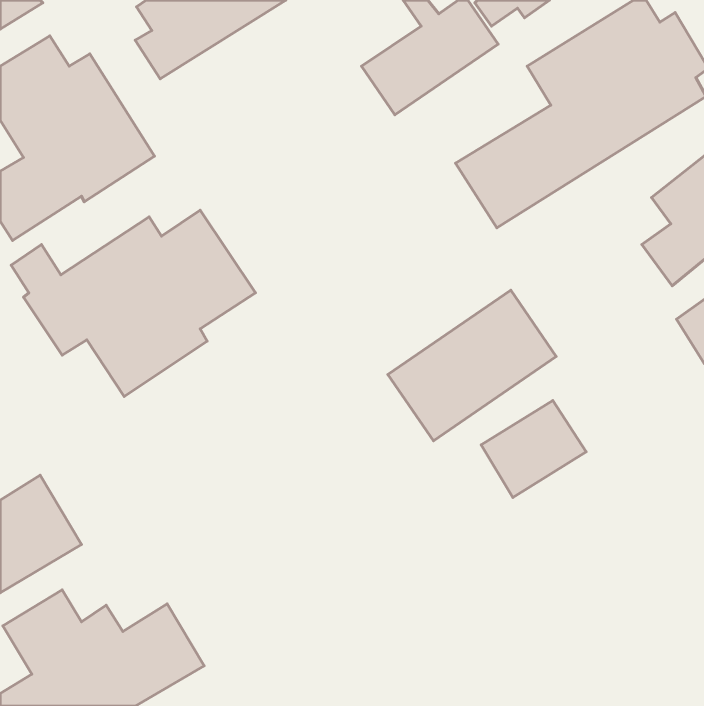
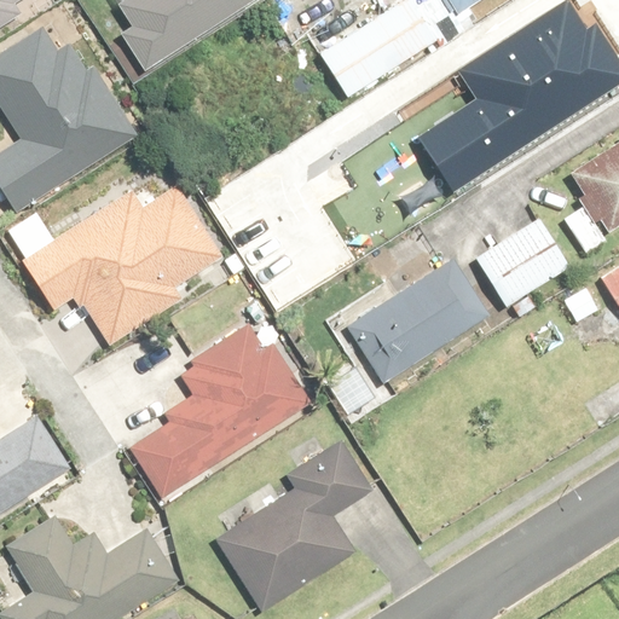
building: none -> [125,323,313,504]
building: [481,401,586,497] -> [474,220,566,305]
building: none -> [220,440,375,611]

